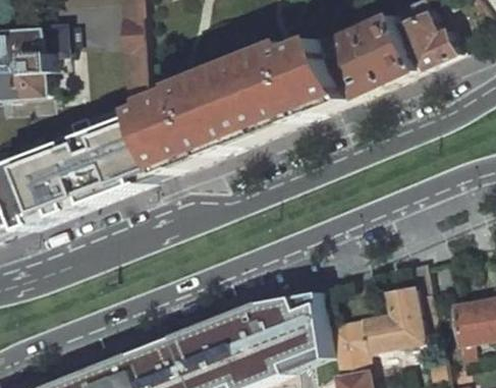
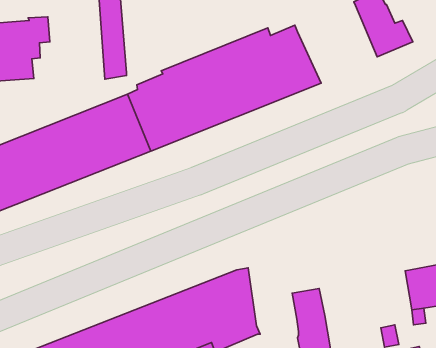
building: [333,11,420,96] -> none
building: [356,260,433,349] -> none
building: [279,288,332,370] -> none

